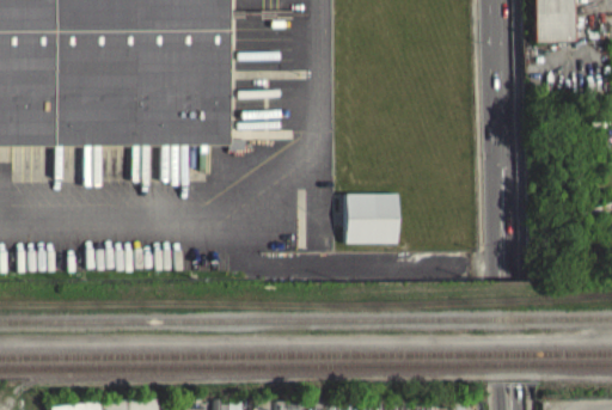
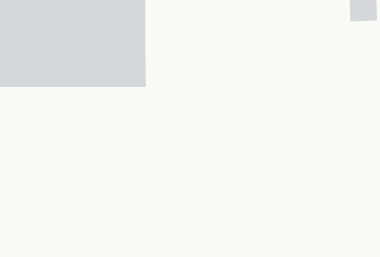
building: [344,198,397,249] -> none

